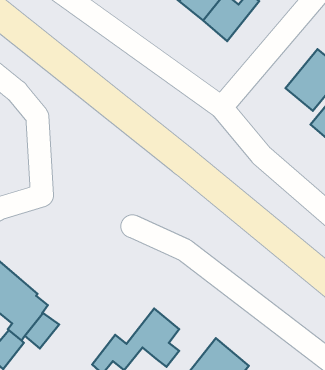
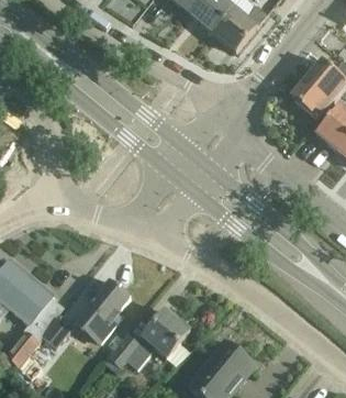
building: none -> [76,279,130,340]

